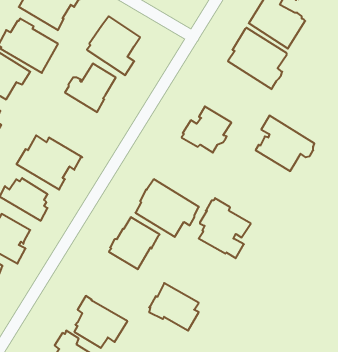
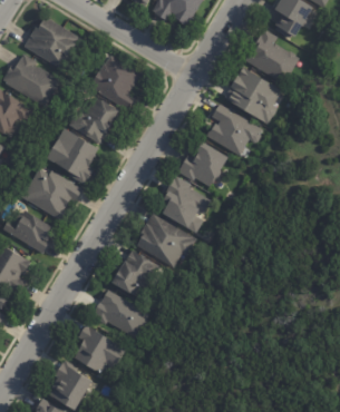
building: none -> [45,128,99,185]
building: [256,116,314,171] -> [205,102,262,156]
building: [199,198,251,258] -> [159,176,210,234]
building: [149,283,199,331] -> [91,288,139,334]

